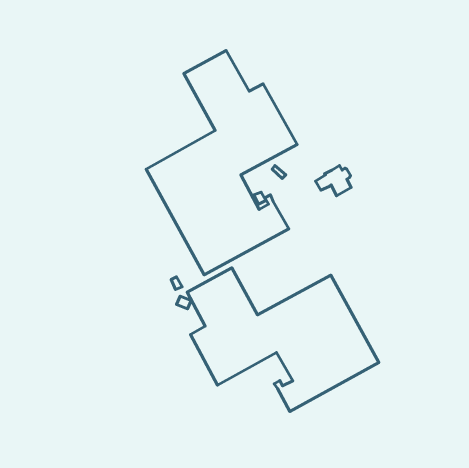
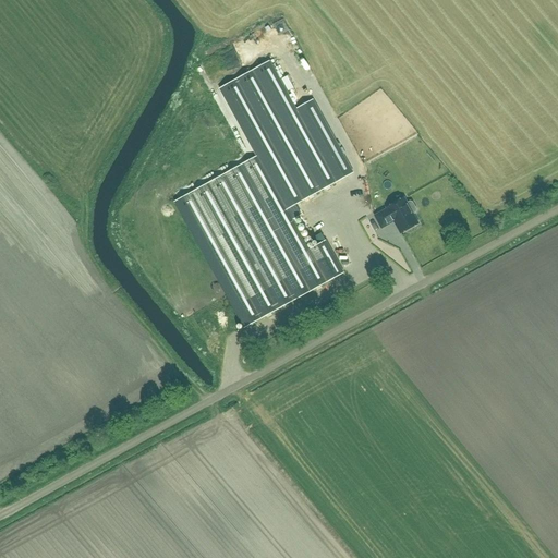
building: [187,268,379,412] -> none

